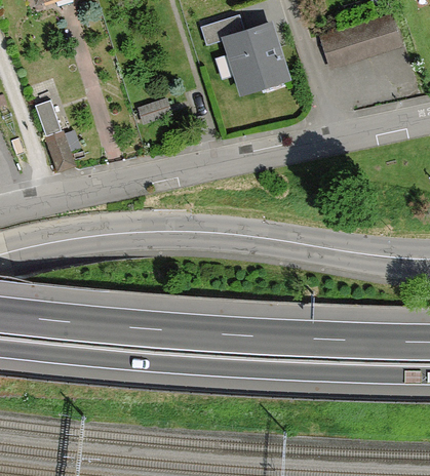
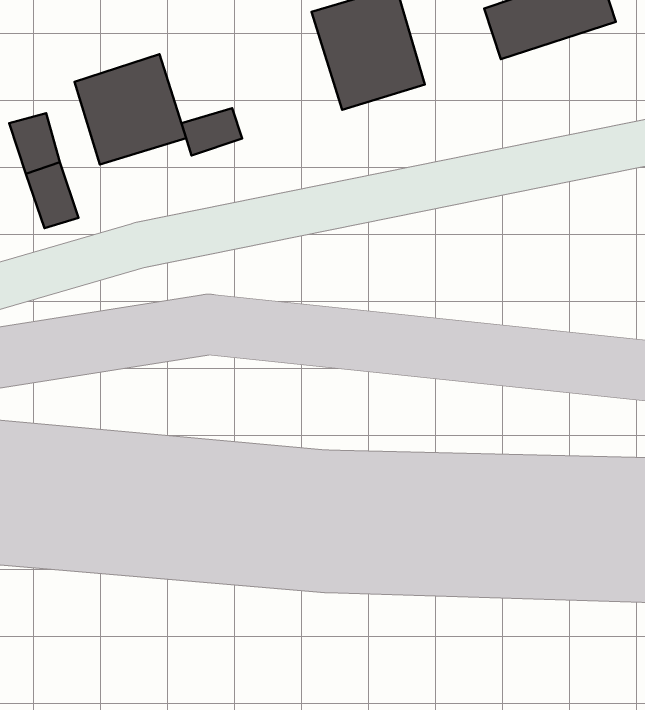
building: none -> [74,54,186,164]

